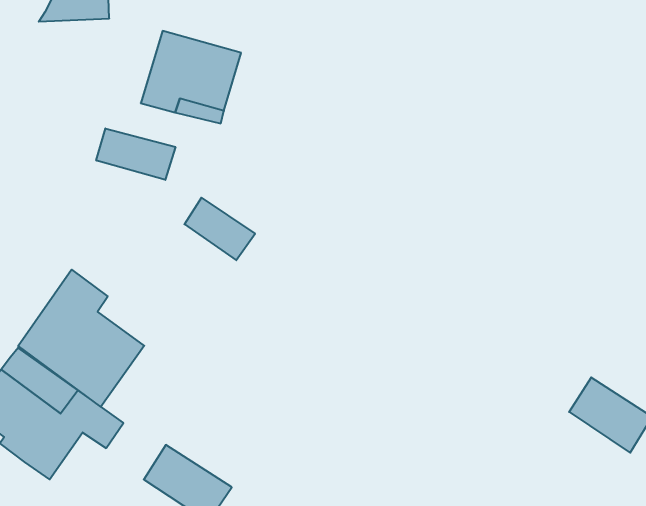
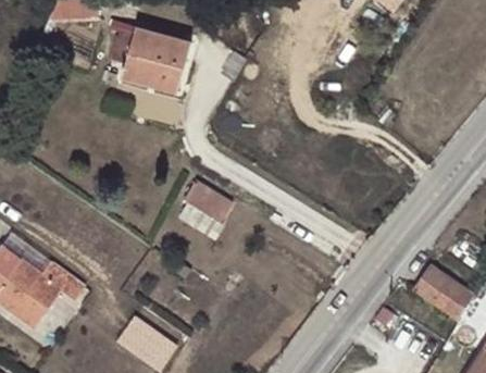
building: [96,128,175,180] -> none
building: [184,198,255,260] -> [186,182,235,225]
building: [18,270,144,407] -> none

